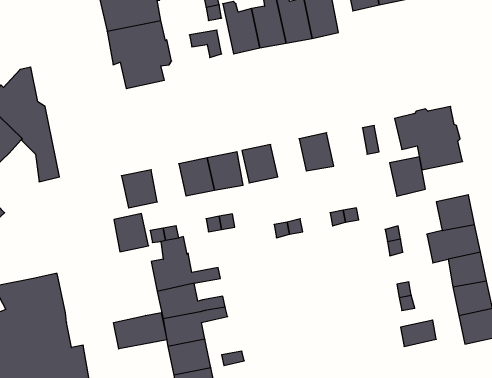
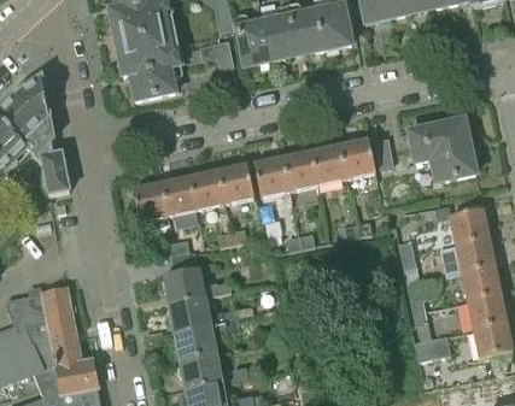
building: none -> [282,151,318,189]
building: [390,157,425,196] -> [339,139,375,178]
building: [114,214,149,252] -> [162,176,197,214]
building: [114,313,167,349] -> none

